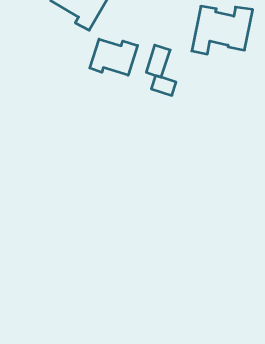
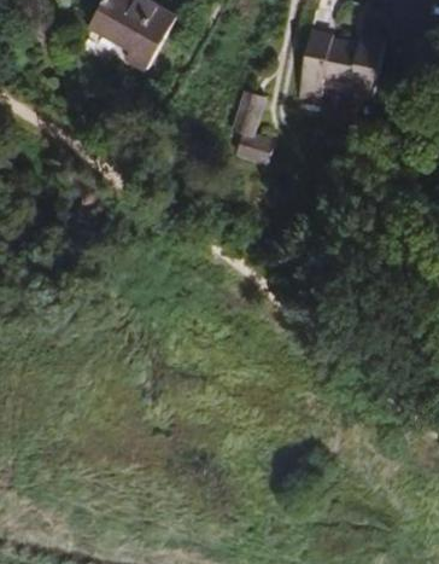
building: [90,39,138,75] -> none

